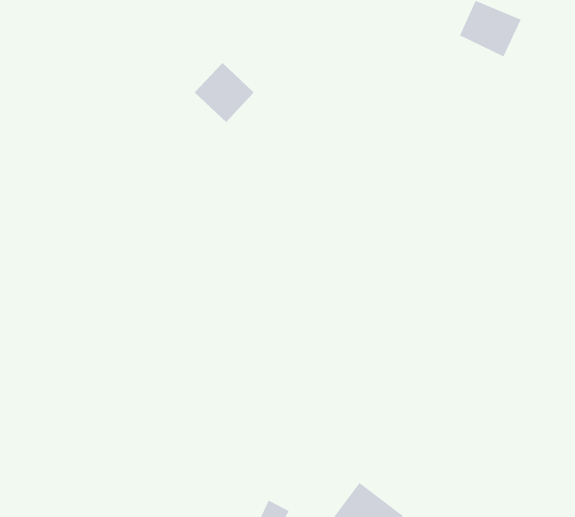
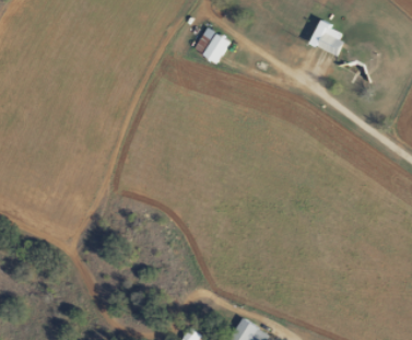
building: [194,62,255,123] -> [190,27,227,65]

